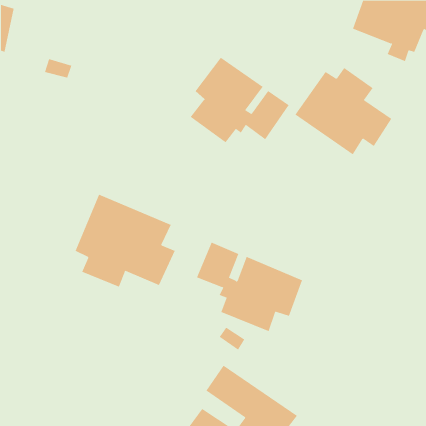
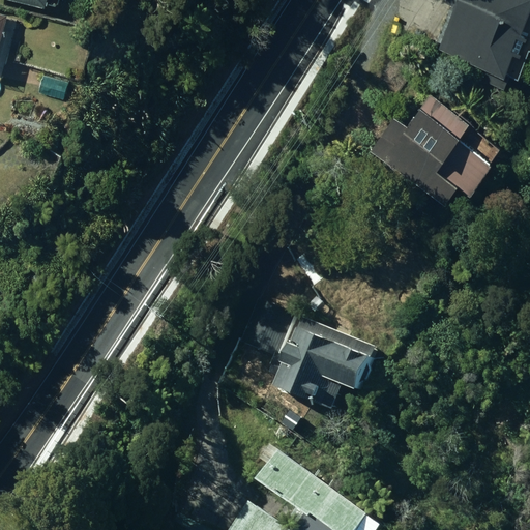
building: [190,57,289,143] -> none
building: [75,194,176,287] -> none

